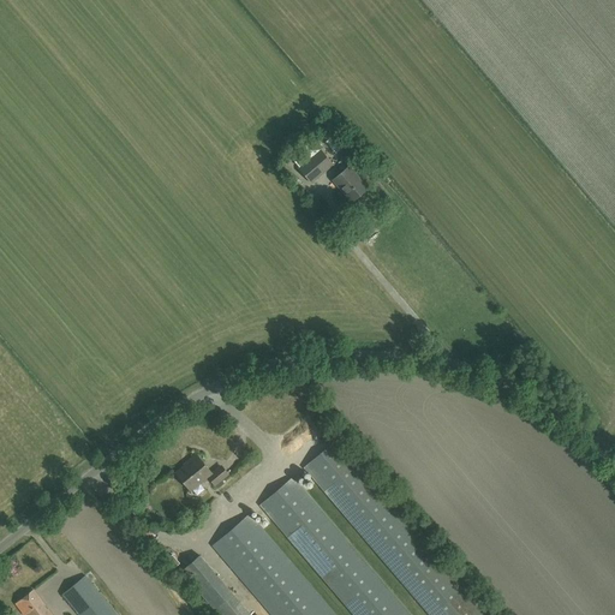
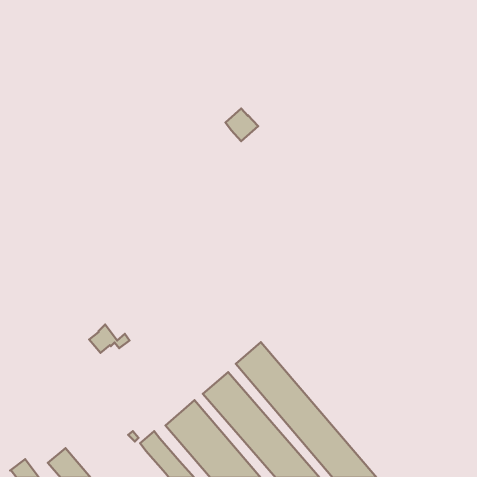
building: [332,166,366,202] -> none
building: [174,455,226,491] -> [89,325,129,353]

